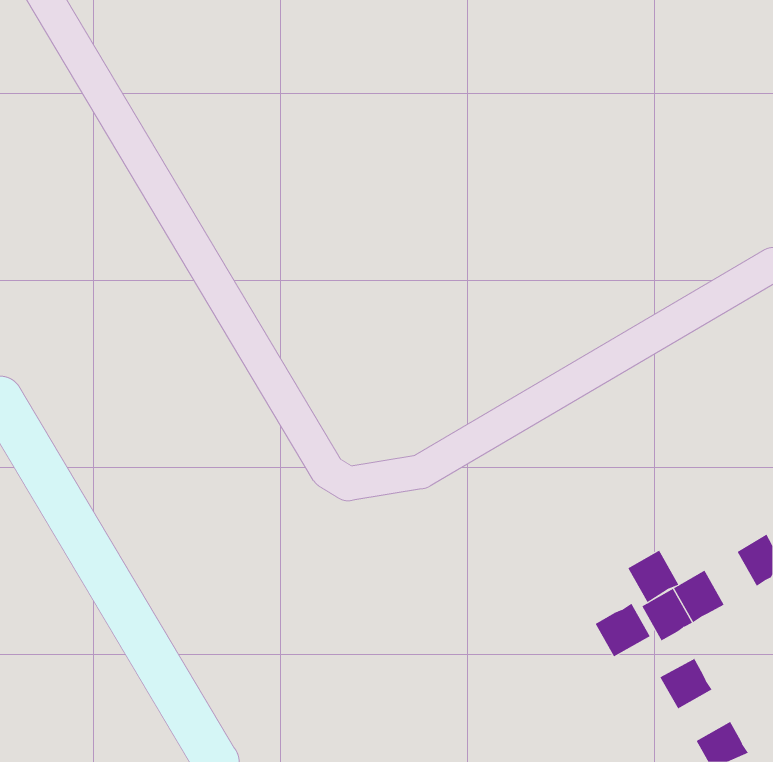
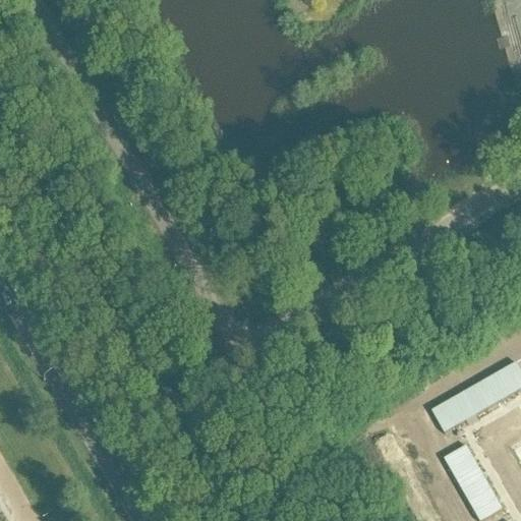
building: [628,550,679,603] -> [474,371,509,407]
building: [595,603,651,657] -> none
building: none -> [456,464,491,499]

